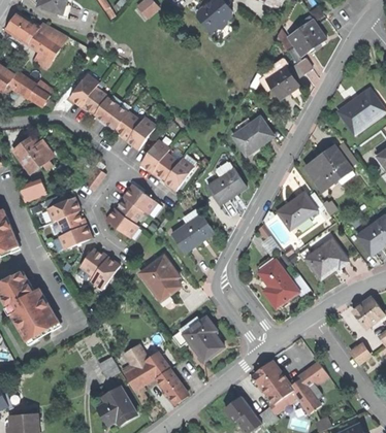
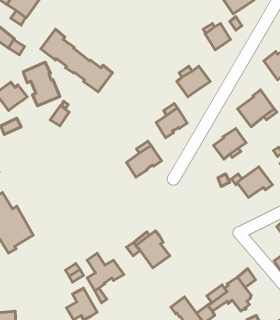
building: [139,139,193,190] -> none
building: [104,184,155,237] -> none
building: [46,196,91,248] -> [23,62,60,106]
building: [78,247,119,288] -> none
building: [139,255,181,301] -> none
building: [258,260,298,307] -> none
building: [254,362,287,395] -> none
building: [156,369,187,402] -> none

